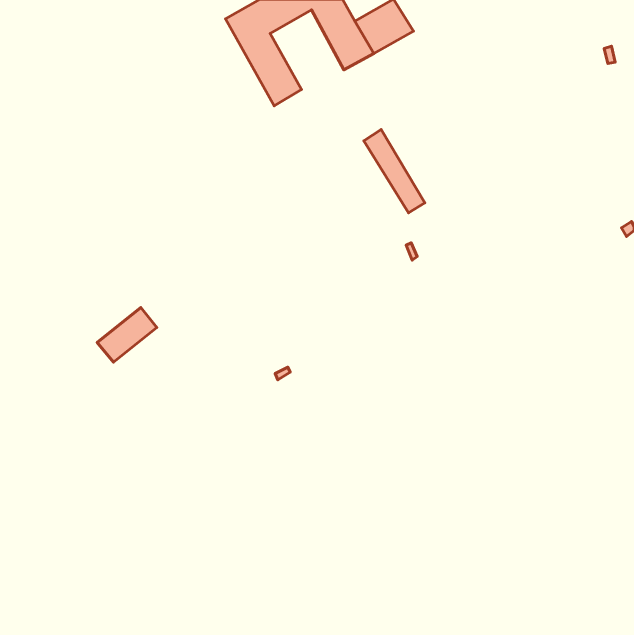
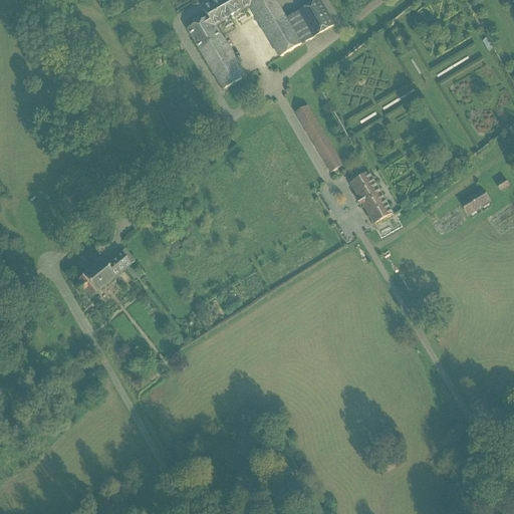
building: none -> [347,171,391,223]
building: none -> [460,188,490,215]

